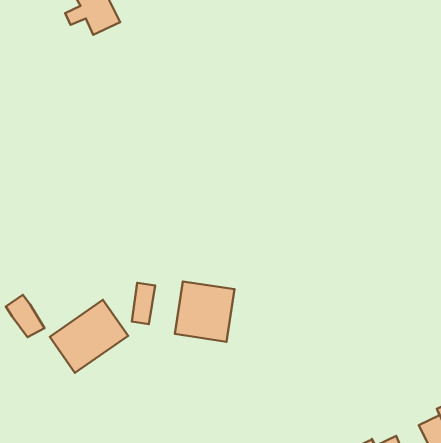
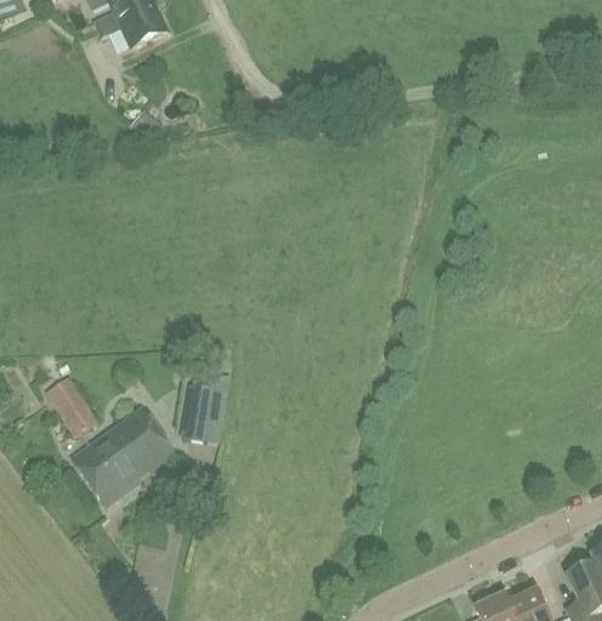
building: [175,281,234,342] -> none
building: [6,295,45,337] -> [45,376,97,433]

